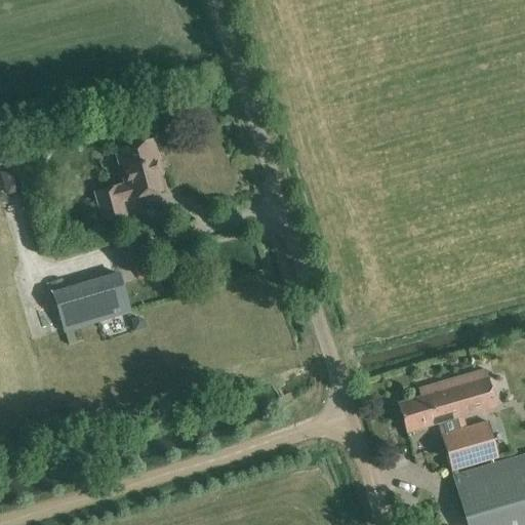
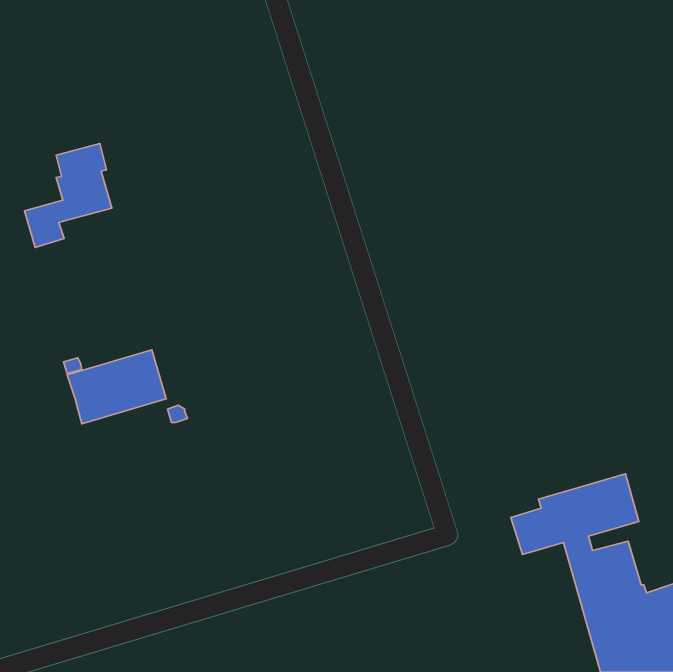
building: [95,138,163,219] -> [25,143,112,248]

